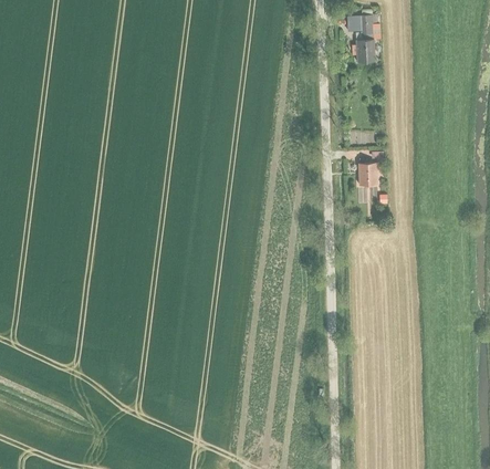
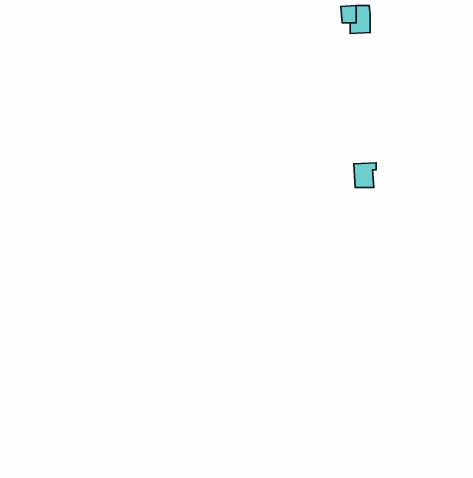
building: [353,40,376,63] -> none

